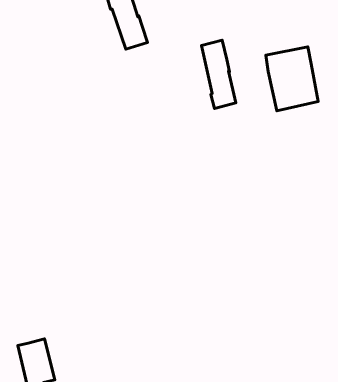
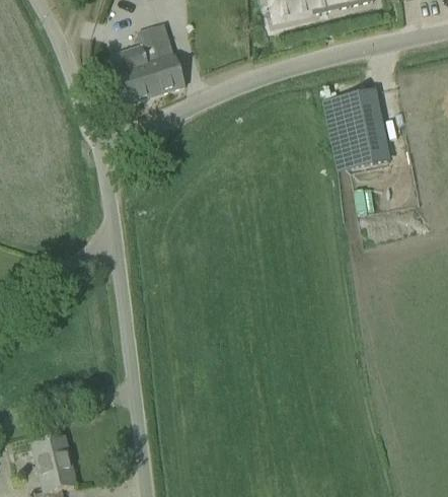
building: none -> [109,44,160,103]
building: [201,40,236,109] -> none

